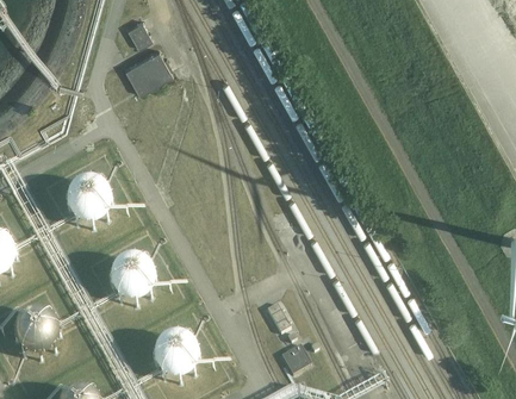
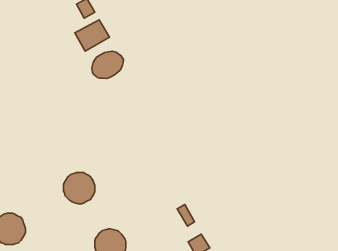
building: none -> [92,51,123,79]
building: [62,181,105,224] -> none

